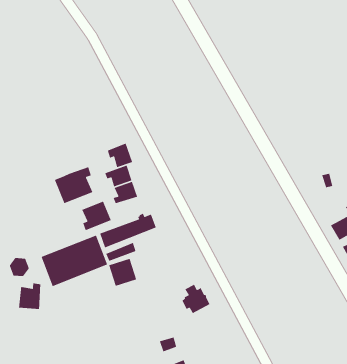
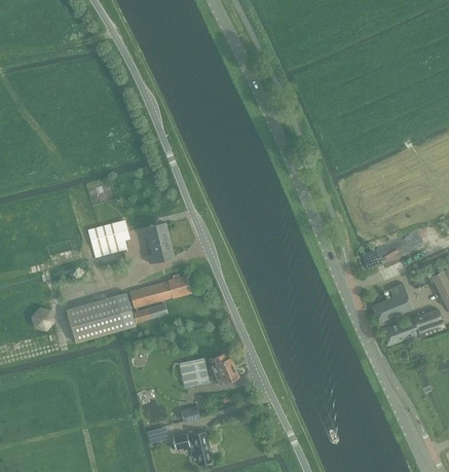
building: [107,143,133,168] -> none
building: [81,201,112,231] -> none
building: [108,258,137,287] -> [180,358,209,387]
building: [18,283,41,310] -> none

